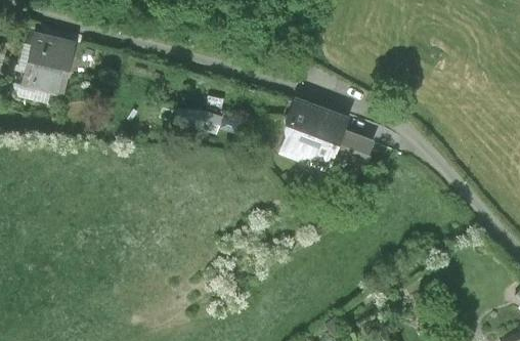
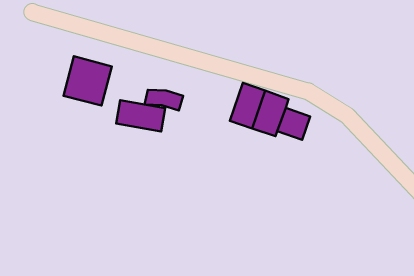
building: [20,38,78,96] -> [64,56,112,105]
building: none -> [116,100,165,131]

